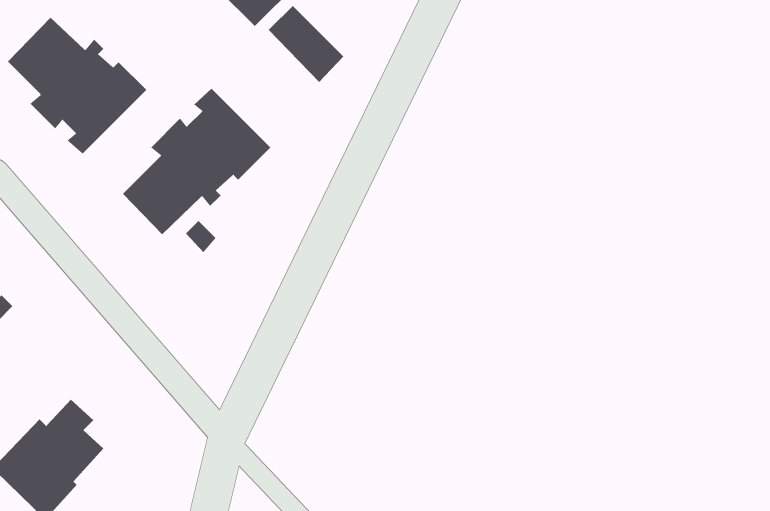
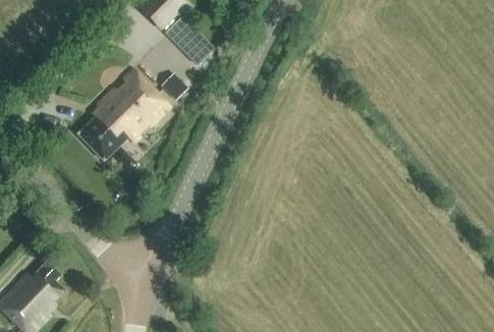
building: [7,17,147,155] -> none

